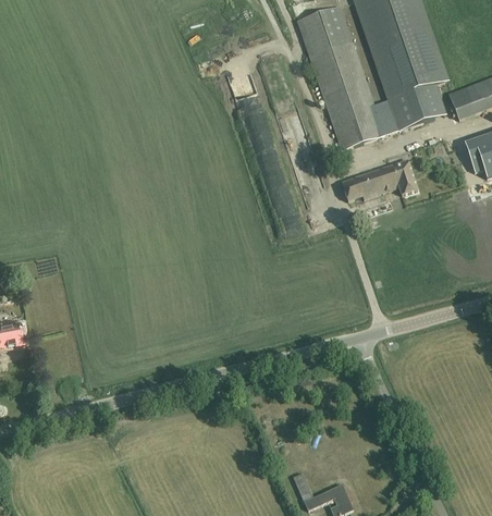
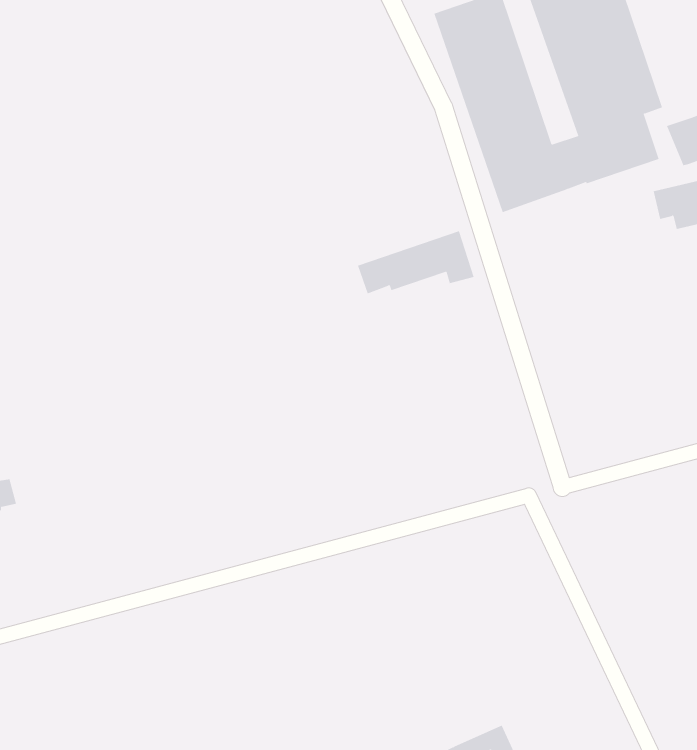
building: [342,160,418,201] -> [357,230,474,294]

